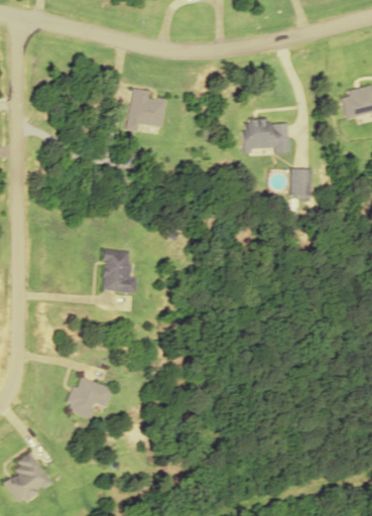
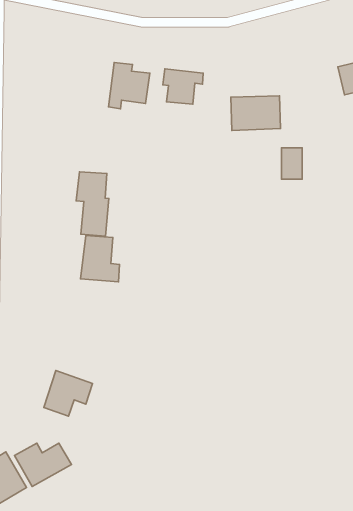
building: none -> [163,69,203,104]
building: none -> [76,172,109,236]
building: none -> [14,443,72,487]

